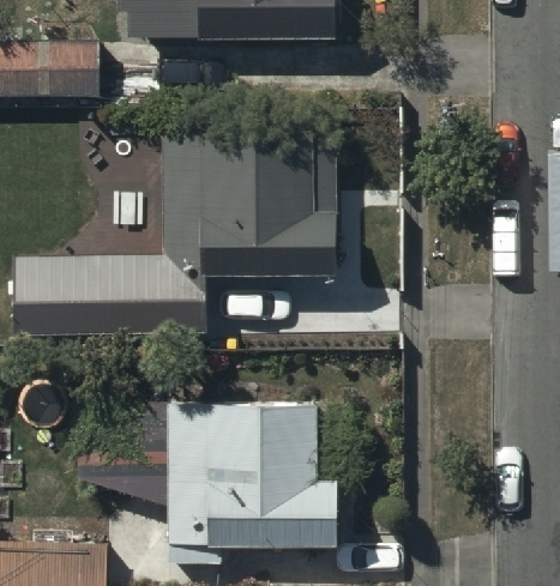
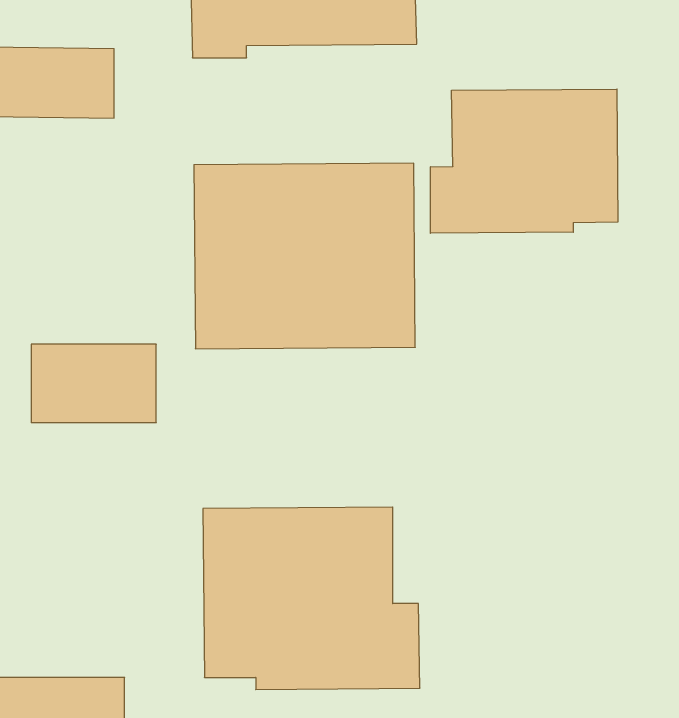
building: none -> [430,89,618,233]

